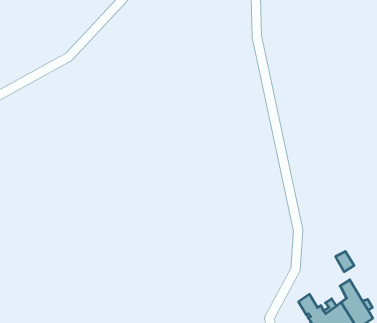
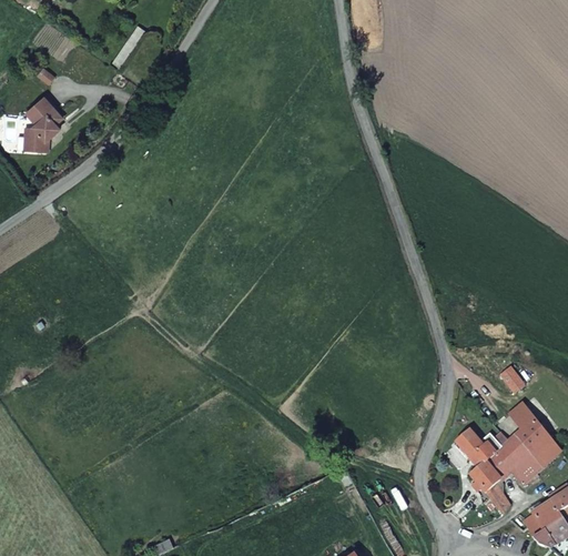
building: none -> [27,98,61,151]

